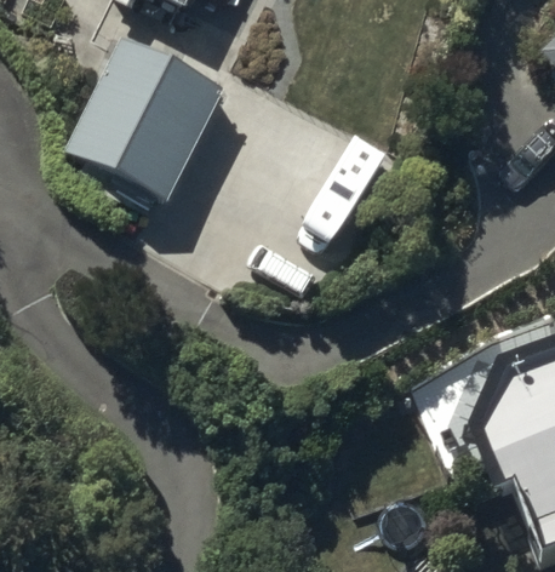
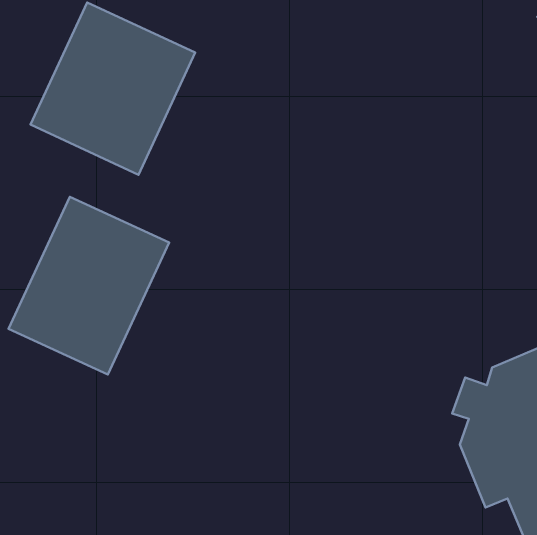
building: none -> [9,197,169,375]

